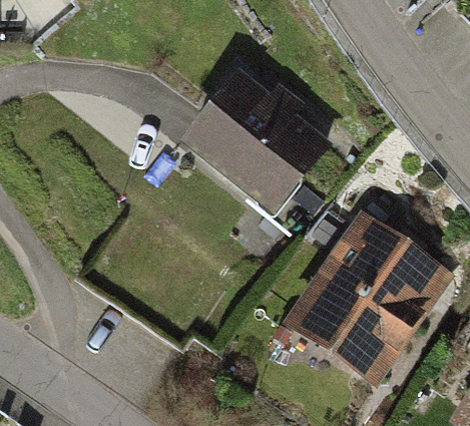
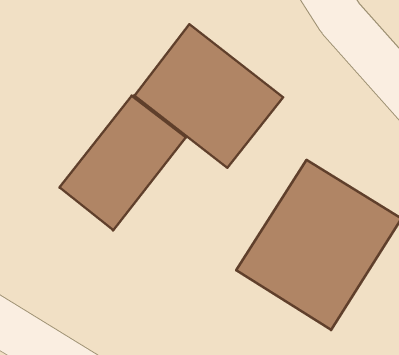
building: none -> [60,96,186,230]

